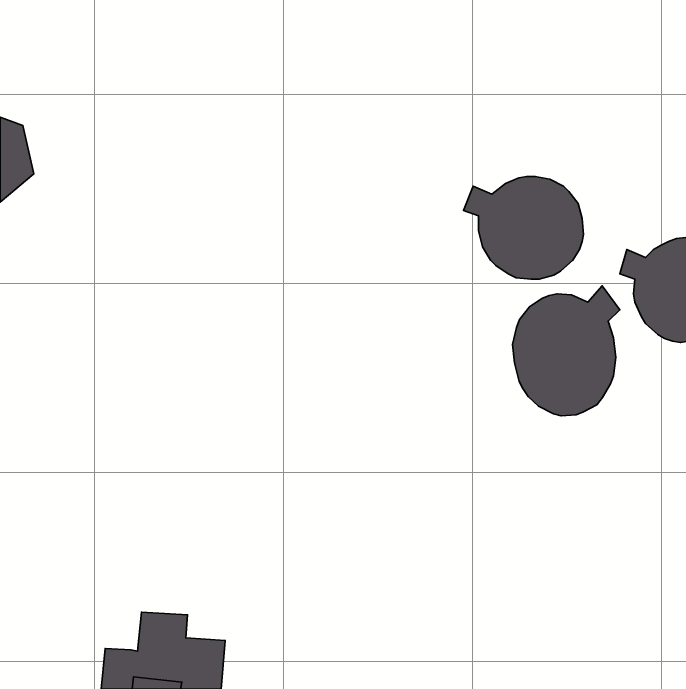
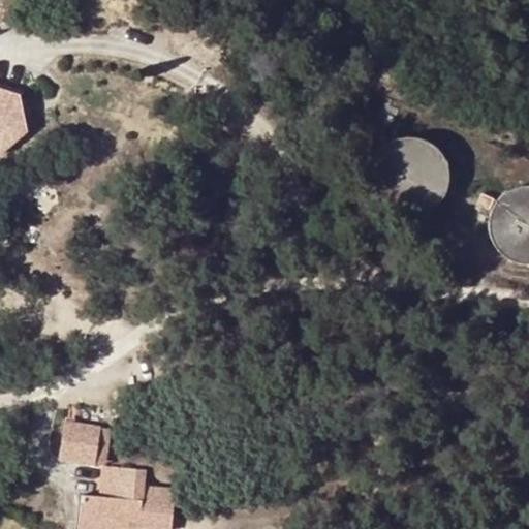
building: [513,286,620,416] -> none
building: none -> [60,421,102,464]

